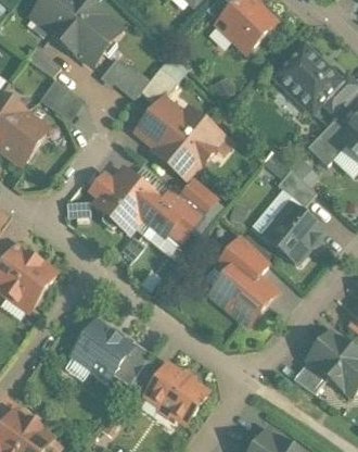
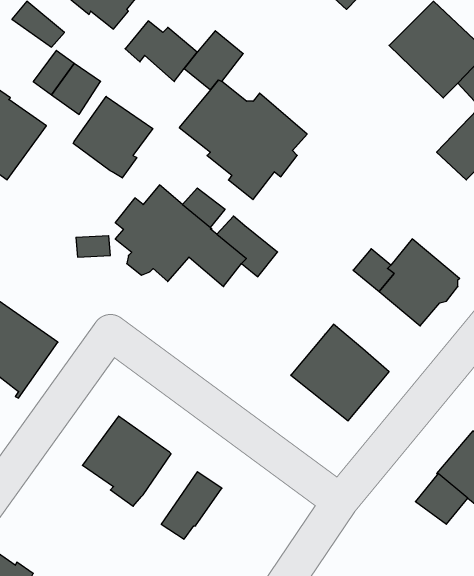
building: none -> [73,96,153,178]
building: [276,168,315,208] -> none
building: [179,180,215,214] -> none
building: [221,236,269,277] -> none
building: [112,340,151,385] -> none
building: [146,366,205,422] -> none

